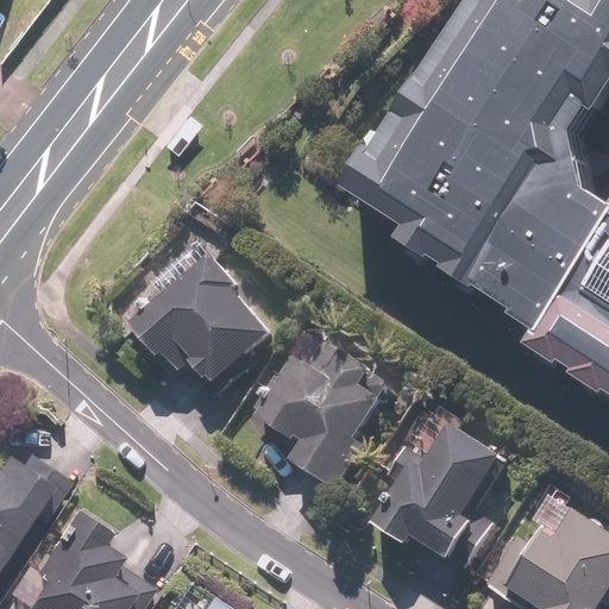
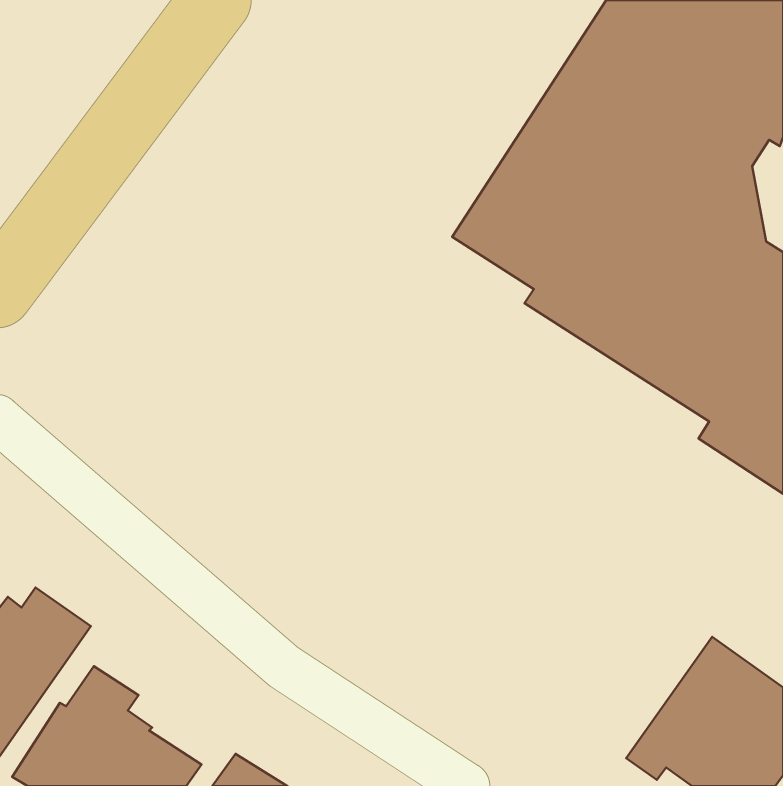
building: [125,255,271,393] -> none
building: [258,344,381,492] -> none
building: [360,401,506,569] -> none

